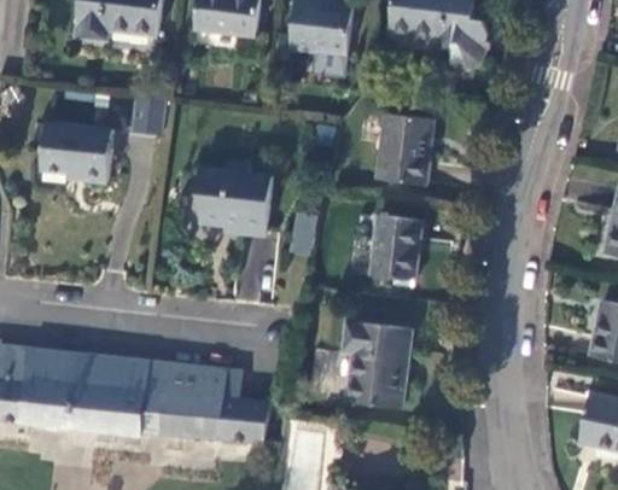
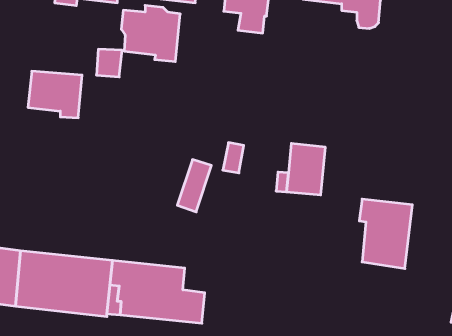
building: [377,112,431,183] -> none
building: [197,161,272,232] -> [121,5,180,62]
building: [343,320,410,408] -> [359,199,412,269]

